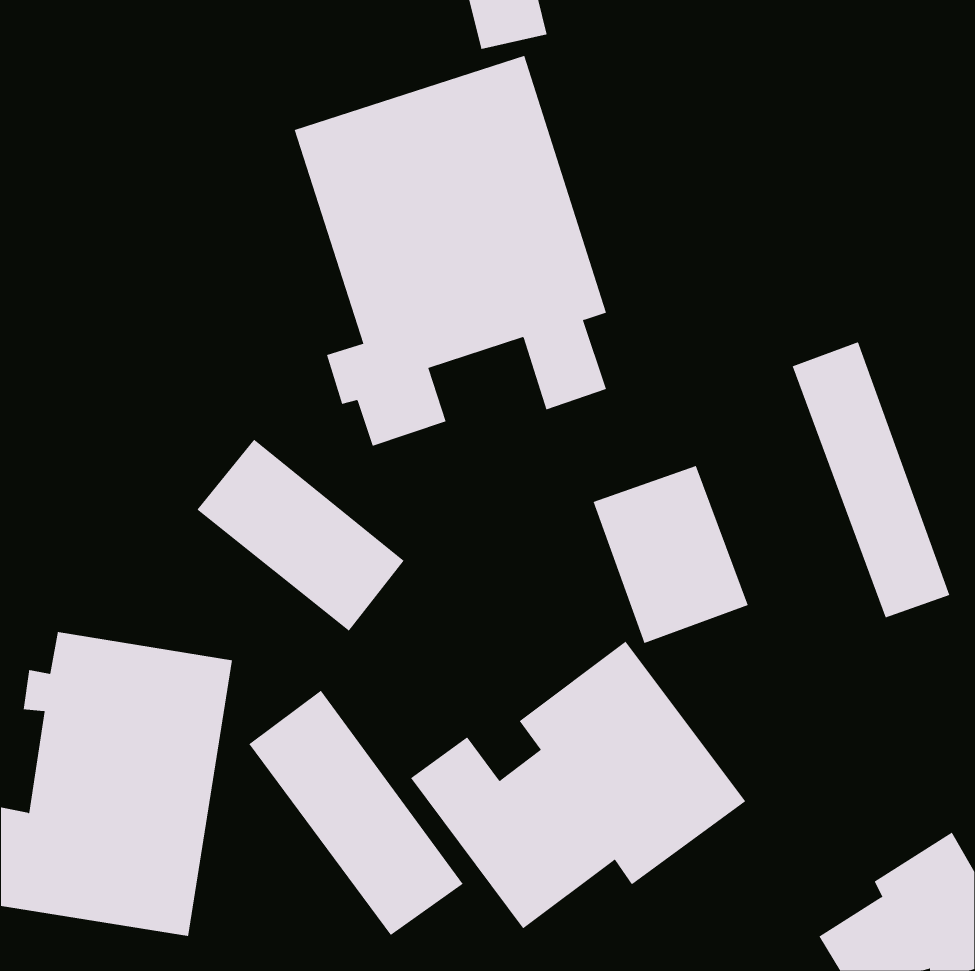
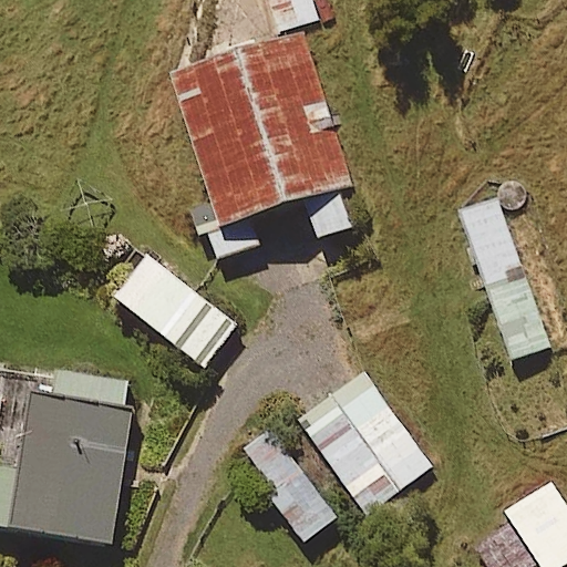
building: [593,465,748,644] -> none
building: [248,690,463,936] -> none

